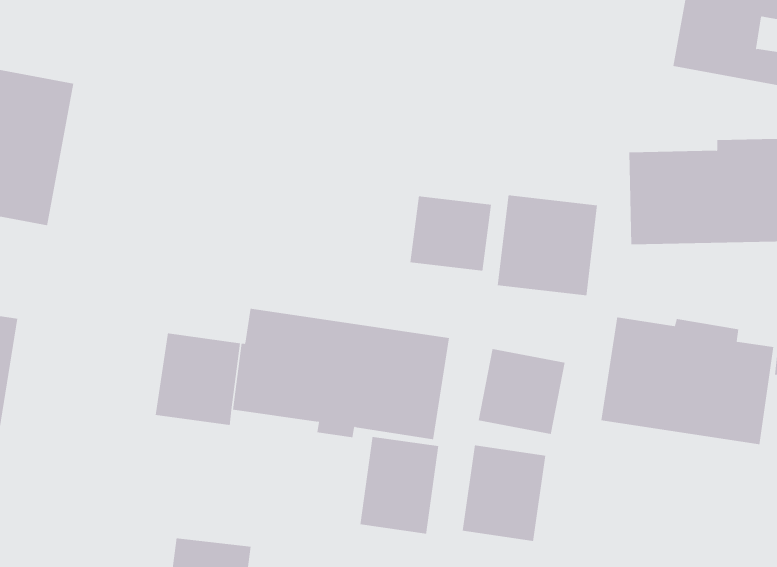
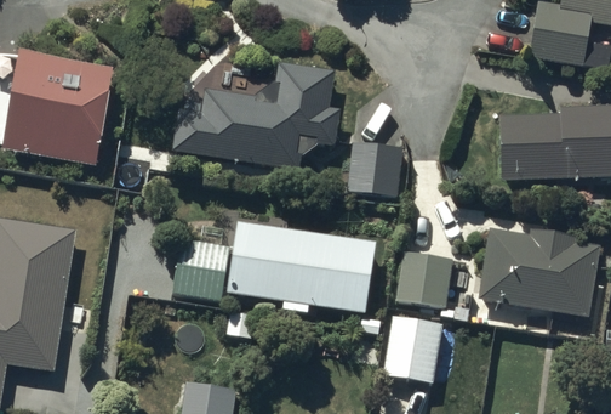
building: none -> [171,62,338,170]
building: [497,195,598,296] -> none
building: [360,436,439,534] -> none

